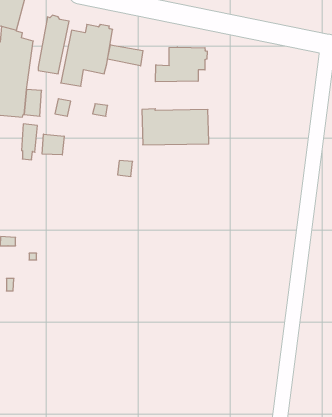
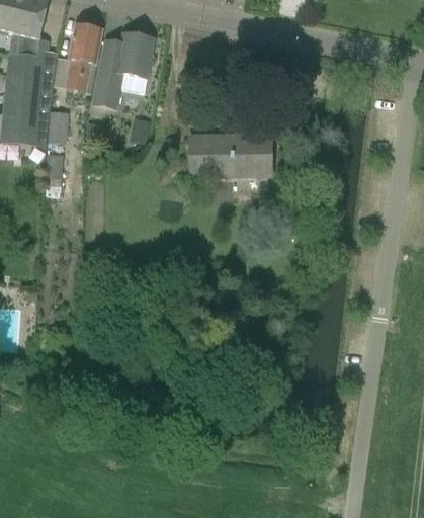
building: [108,45,143,66] -> none
building: [155,47,207,82] -> none
building: [42,134,64,155] -> none

